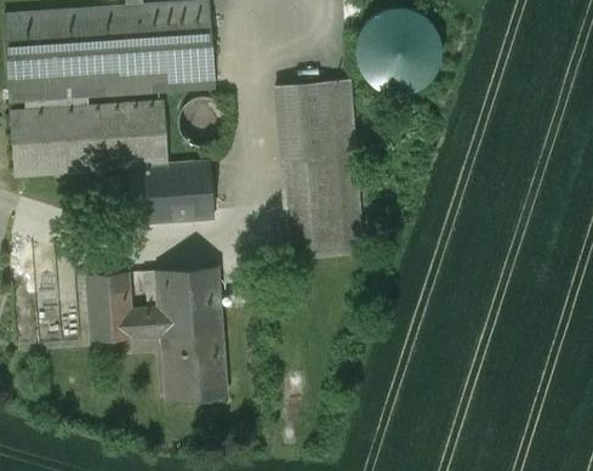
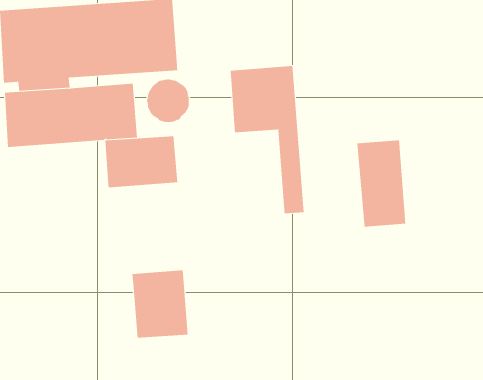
building: [355,10,440,95] -> none
building: [280,155,338,257] -> [356,140,406,227]
building: [87,266,221,340] -> none

